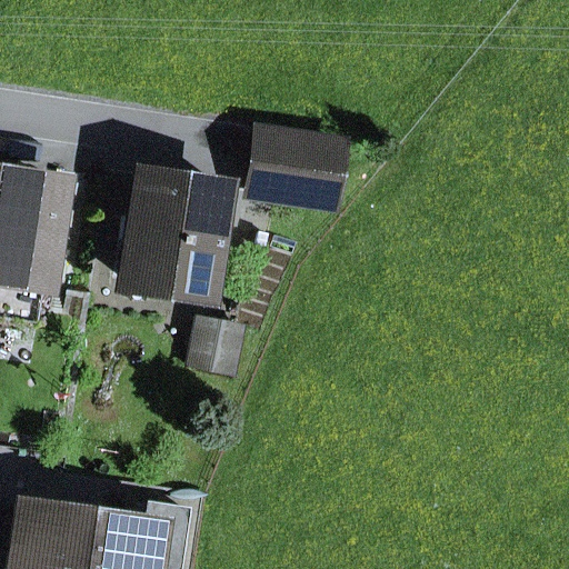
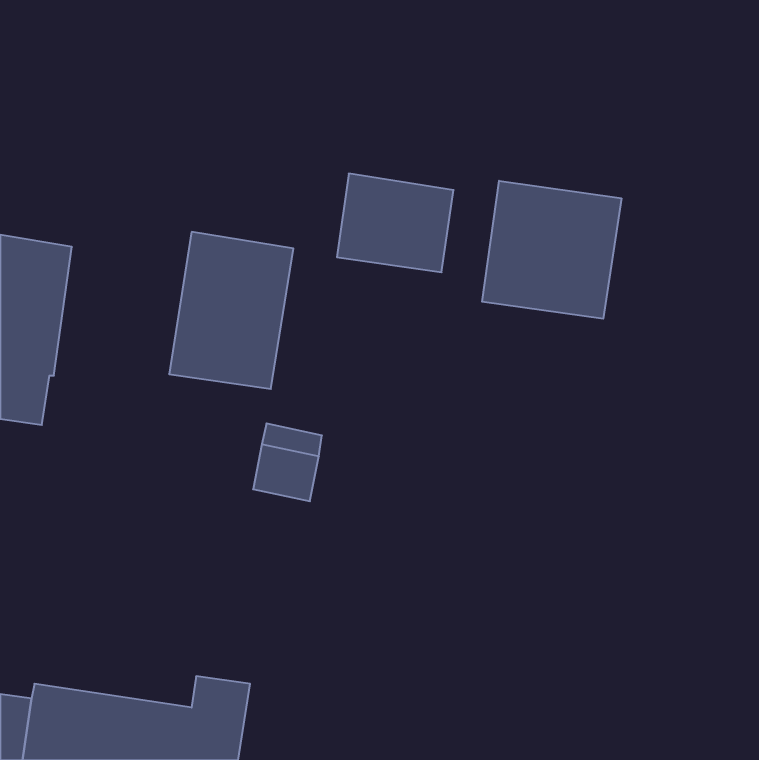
building: none -> [482,181,621,319]

